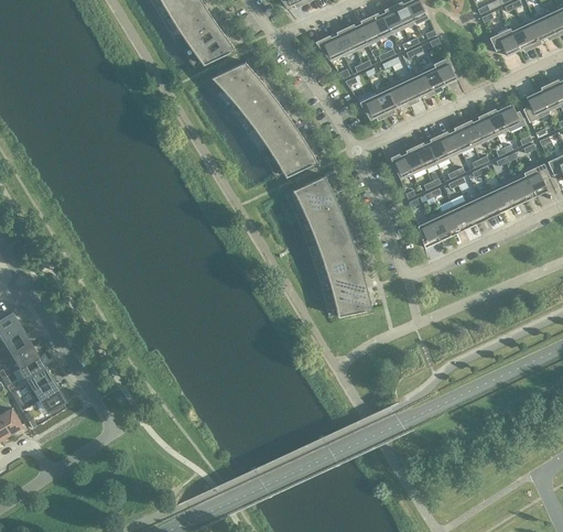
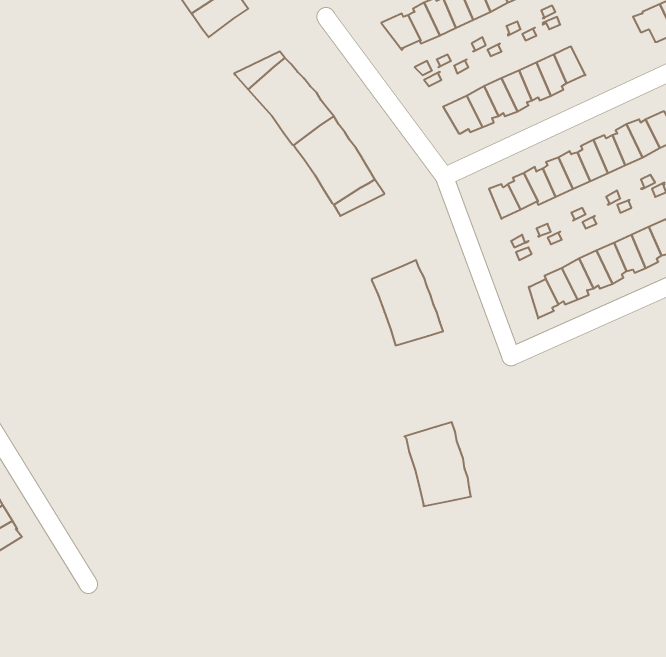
building: [194,32,234,64] -> none
building: [292,175,338,220] -> none
building: [324,257,370,315] -> [404,422,471,506]

